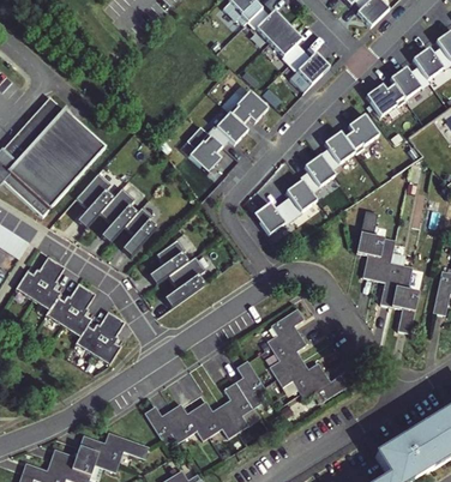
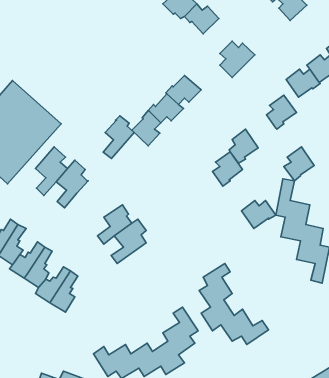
building: [270,24,303,65] -> none
building: [319,129,354,169] -> [284,147,314,181]
building: [253,201,293,234] -> [242,201,276,228]
building: [121,207,157,257] -> [103,116,134,158]

